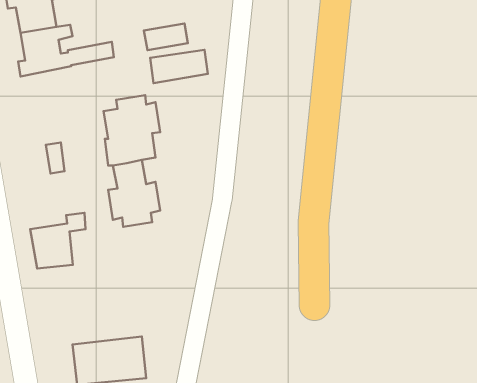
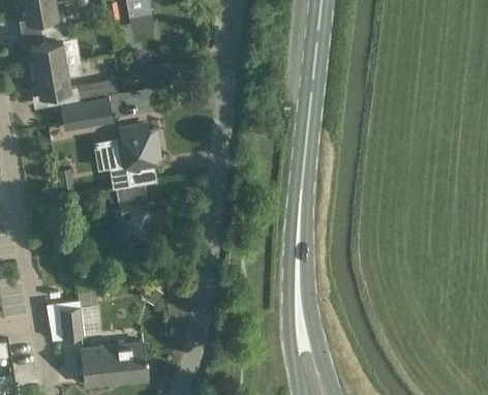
building: [150,50,208,83] -> [64,97,116,127]
building: [30,213,86,268] -> [45,290,95,339]

